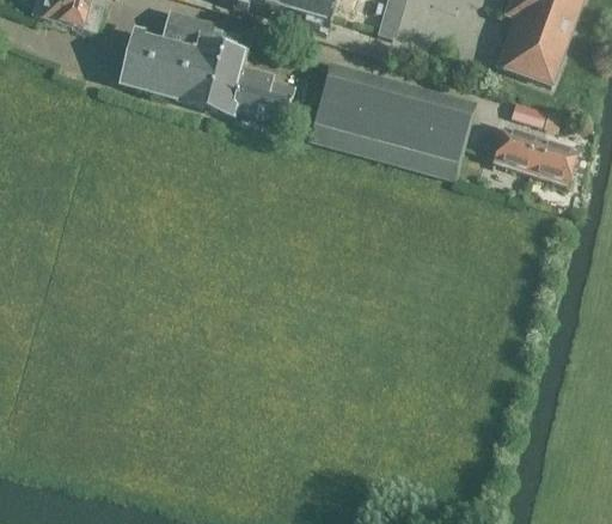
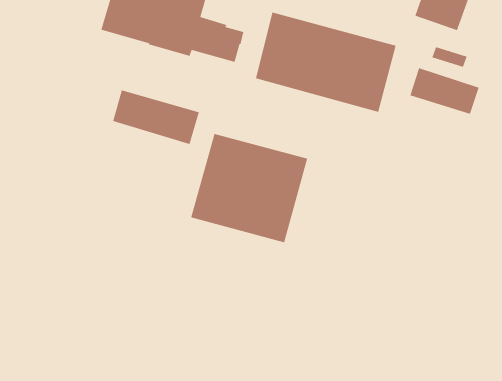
building: none -> [113,89,199,145]
building: none -> [190,133,308,243]

